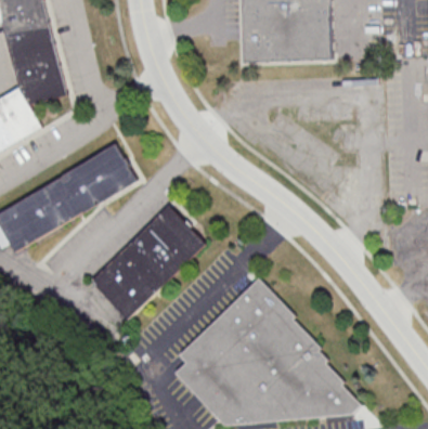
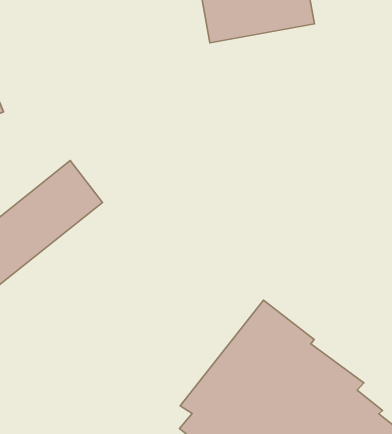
building: [90,205,206,318] -> none

